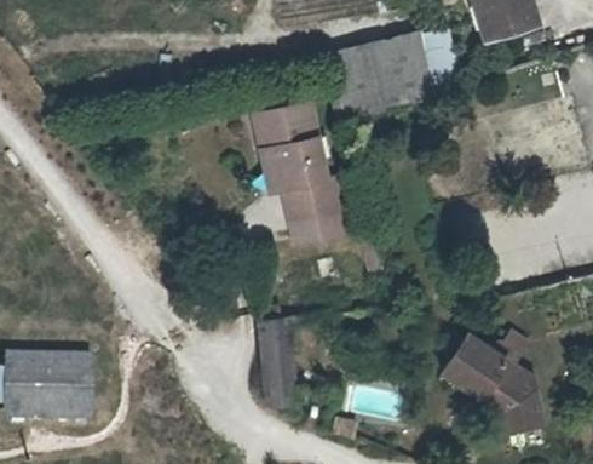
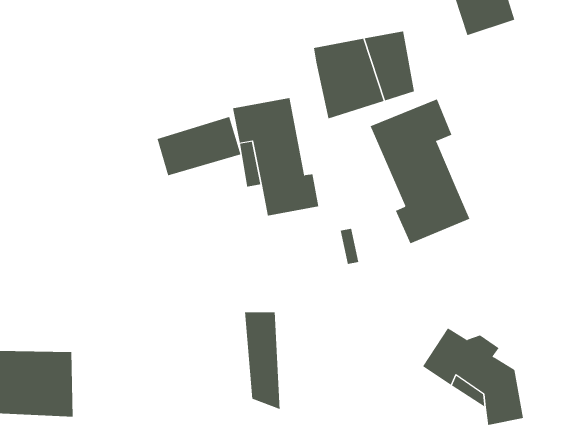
building: none -> [370,98,470,244]
building: none -> [157,116,241,176]
building: [286,207,342,241] -> none

